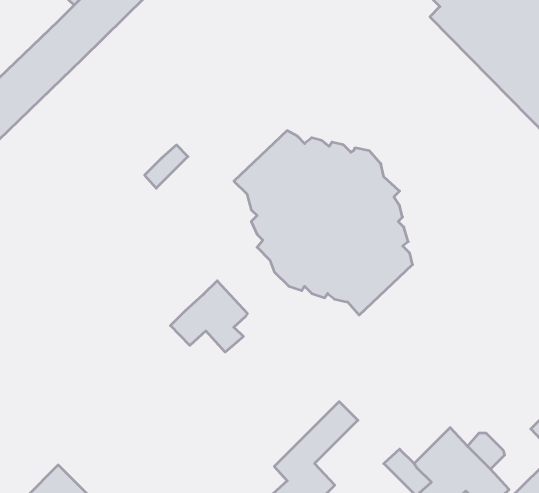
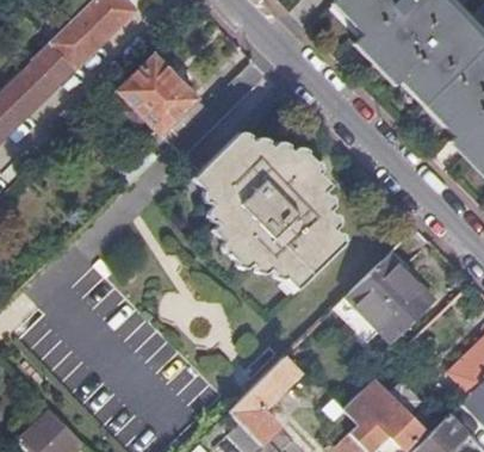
building: none -> [119,56,206,134]
building: none -> [349,253,438,341]
building: [170,281,247,352] -> none

